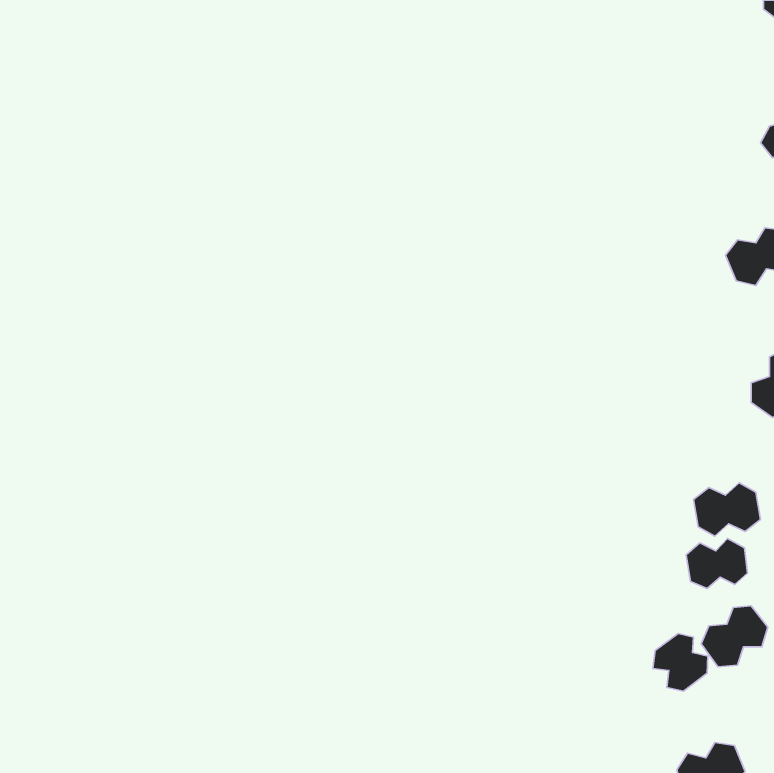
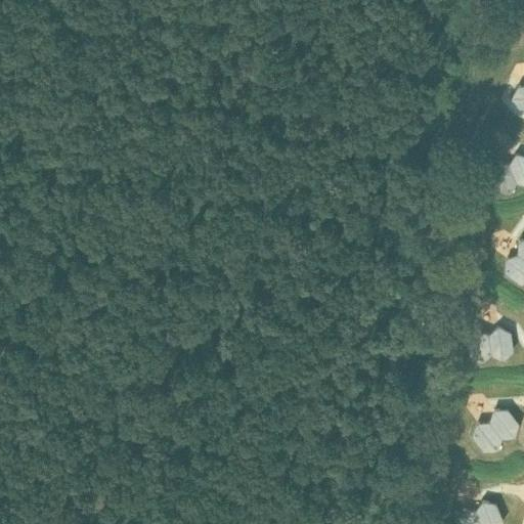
building: [686,539,748,589] -> none
building: [653,634,708,691] -> none

